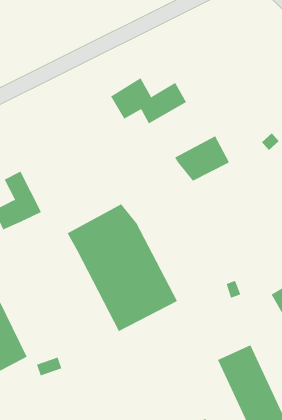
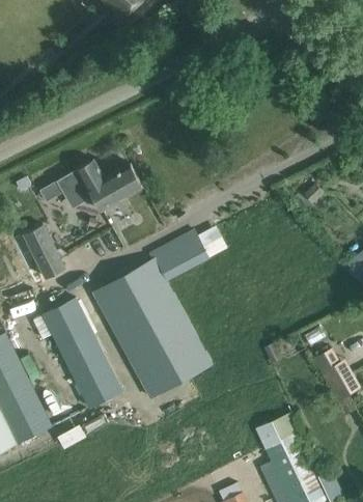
building: [110,77,187,124] -> [59,160,142,211]
building: [174,135,230,182] -> [149,231,210,281]
building: none -> [43,299,122,409]

